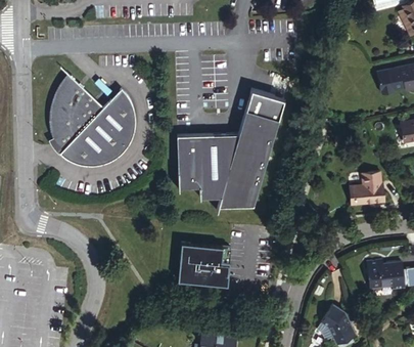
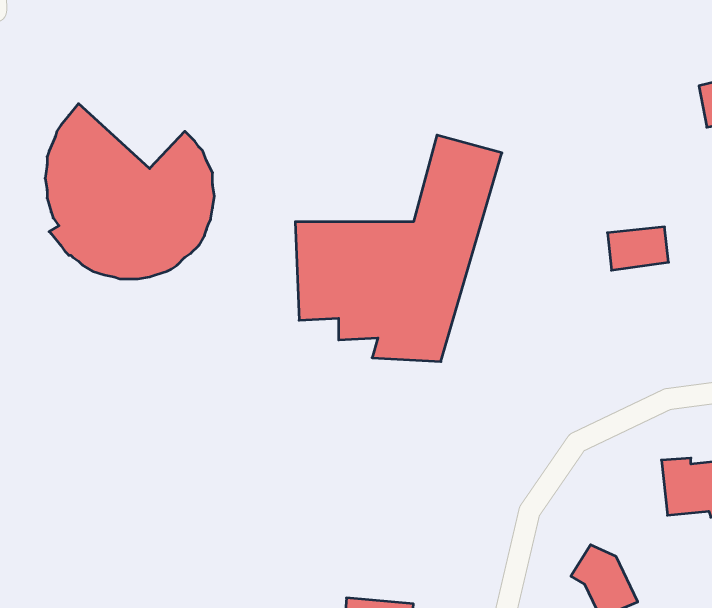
building: [353,179,384,202] -> [607,227,669,270]
building: [179,243,230,283] -> none

